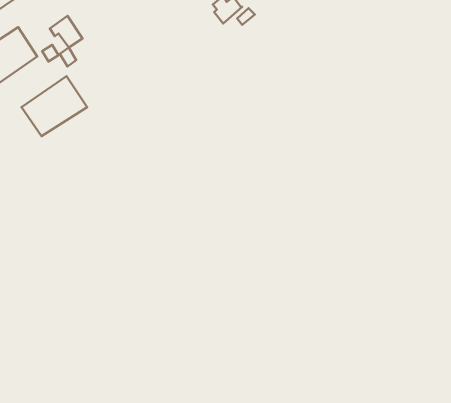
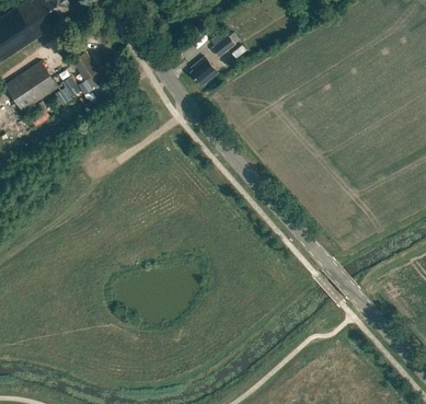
building: none -> [191,56,219,85]
building: [22,76,87,136] -> none

